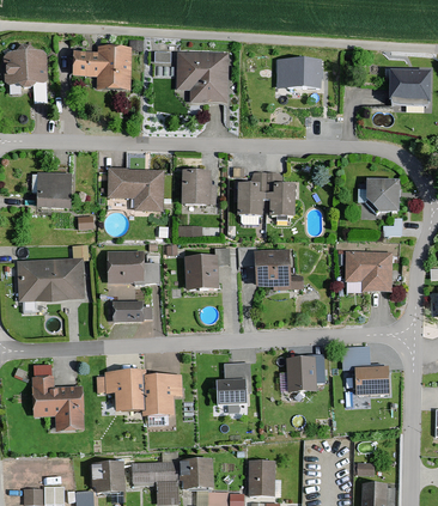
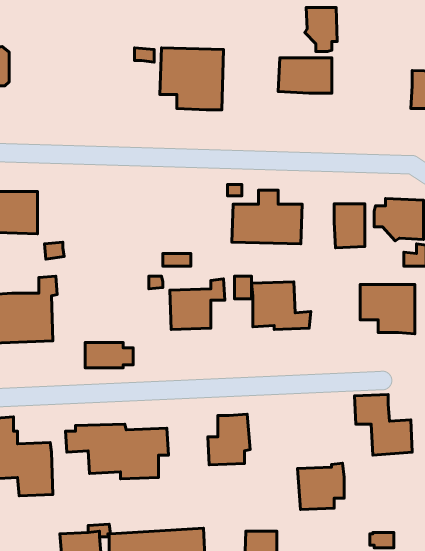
building: none -> [305,7,337,51]
building: [73,45,132,90] -> none
building: [107,167,165,212] -> none
building: [182,170,217,205] -> none
building: none -> [334,204,365,248]
building: [108,250,159,284] -> none
building: [286,353,326,392] -> [298,463,344,510]

